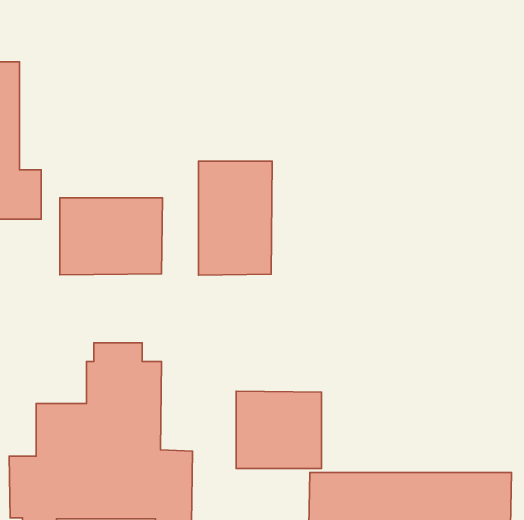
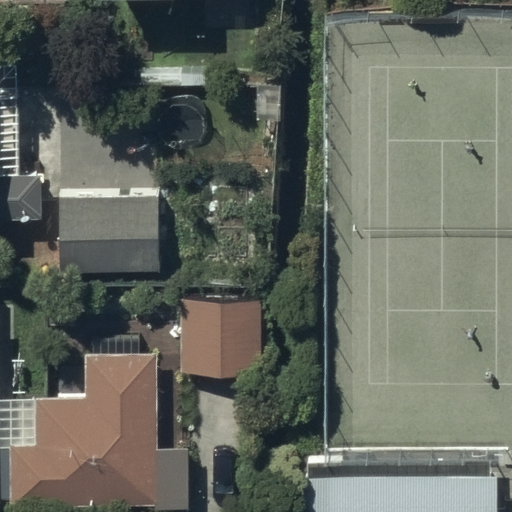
building: [198,161,272,275] -> none
building: [236,391,322,468] -> [179,302,262,377]

